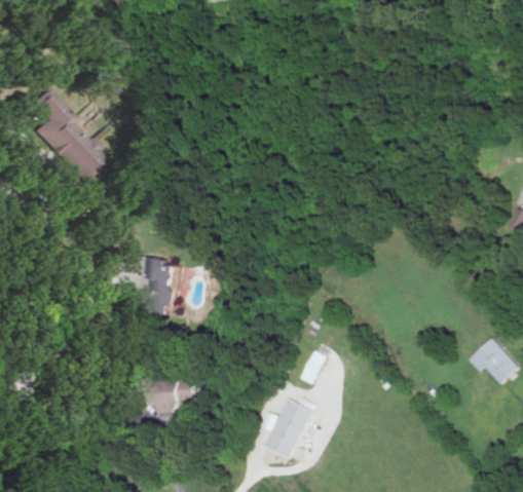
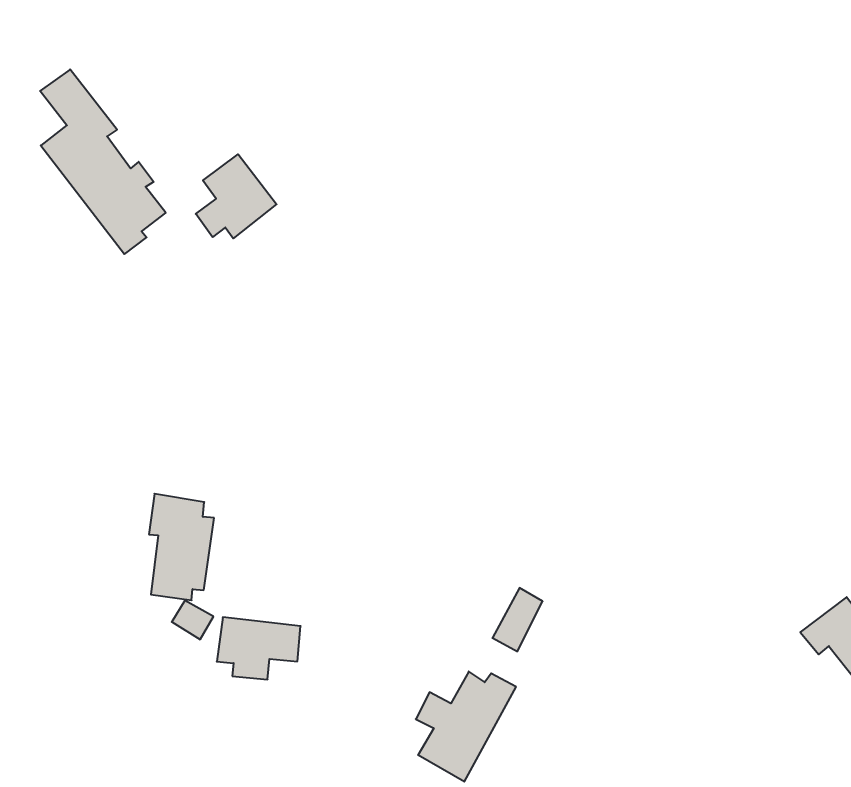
building: none -> [196,154,277,238]
building: [143,256,178,312] -> [149,494,214,600]

